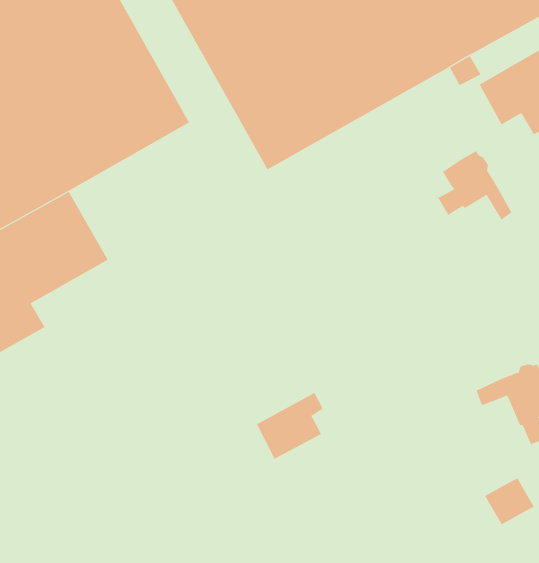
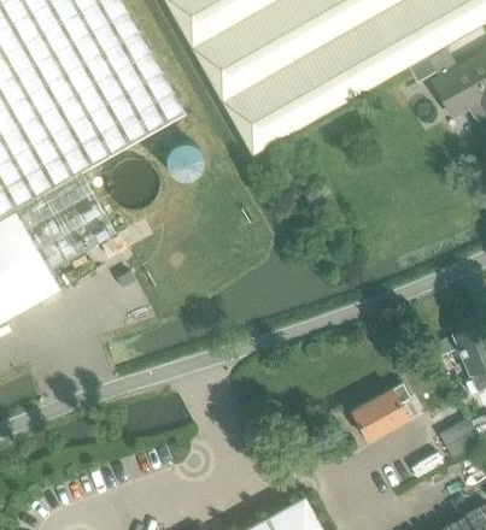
building: [437,150,512,220] -> none
building: [256,392,323,459] -> [351,382,409,440]

